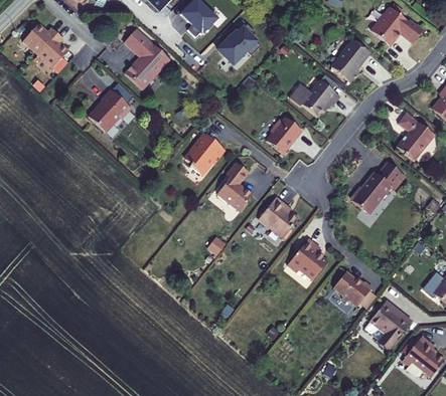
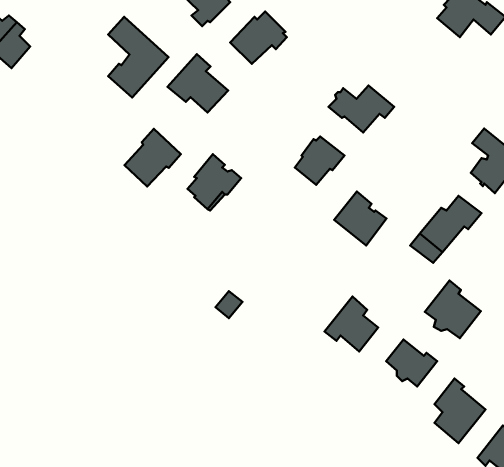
building: [331,39,370,81] -> none
building: none -> [167,54,228,112]
building: [88,88,130,132] -> [124,129,181,187]
building: [216,162,252,210] -> none
building: [259,197,298,237] -> [334,192,386,245]
building: none -> [425,280,481,338]

